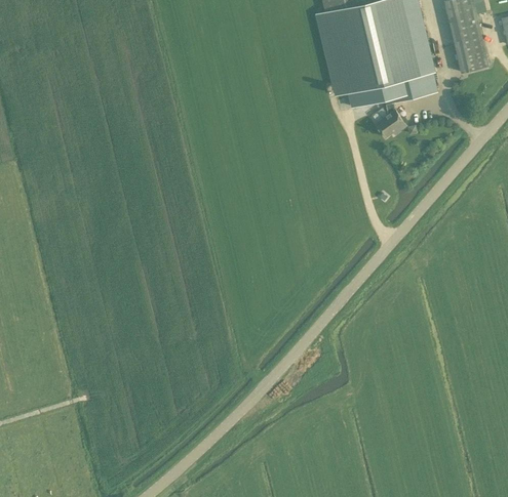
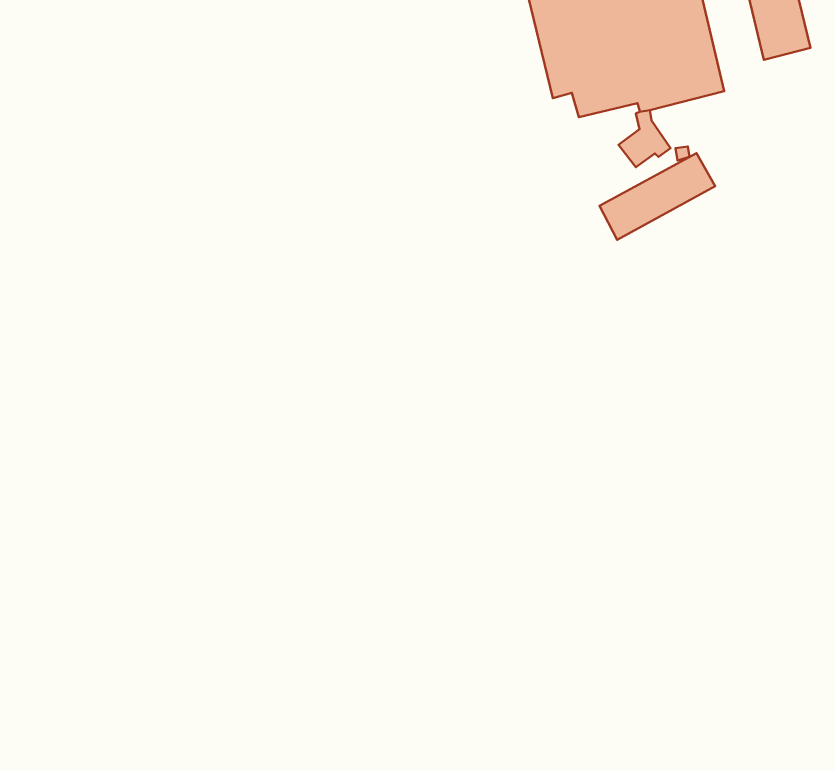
building: none -> [599,153,715,240]

